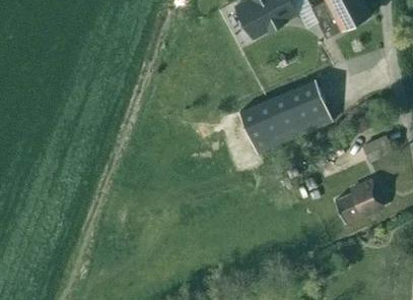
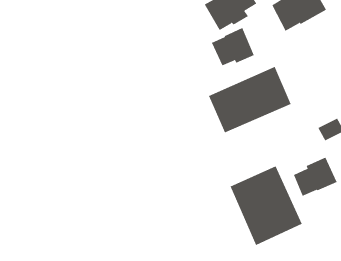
building: none -> [211,27,255,66]
building: none -> [230,165,303,246]

